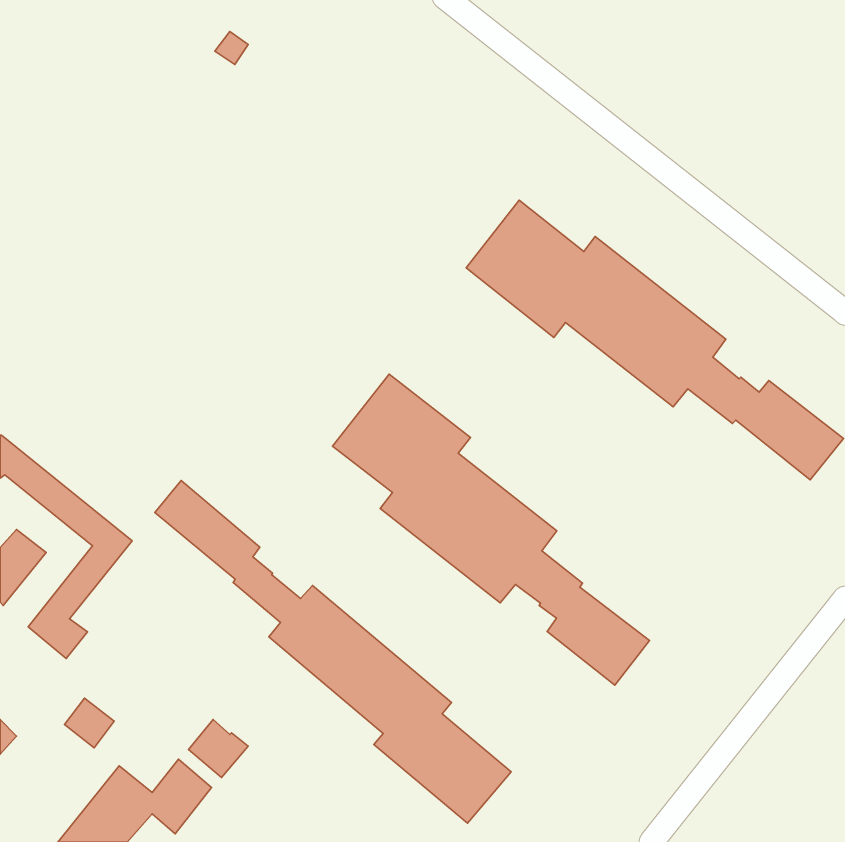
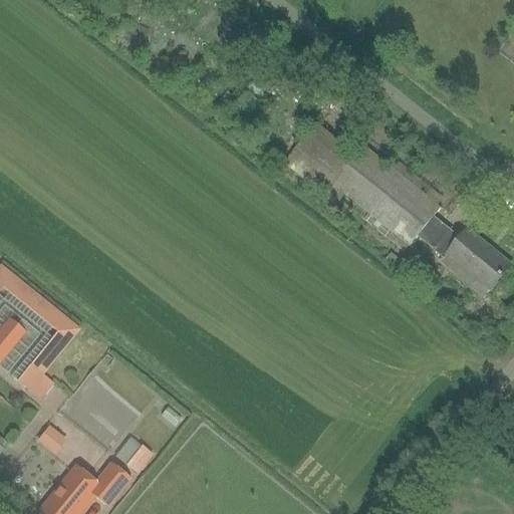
building: [333,374,649,685] -> none
building: [155,480,511,823] -> none

